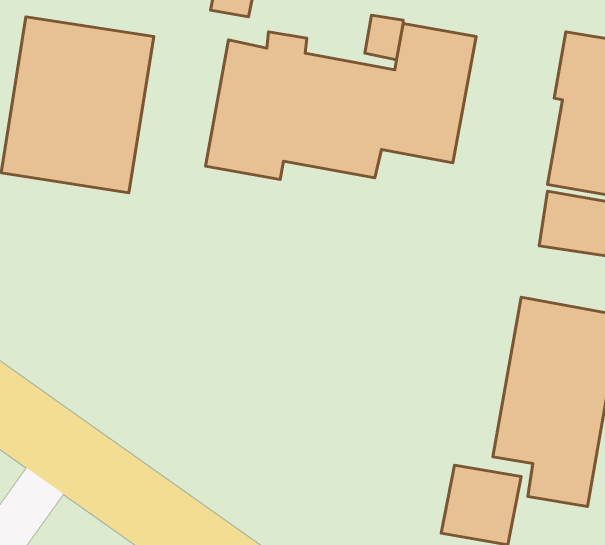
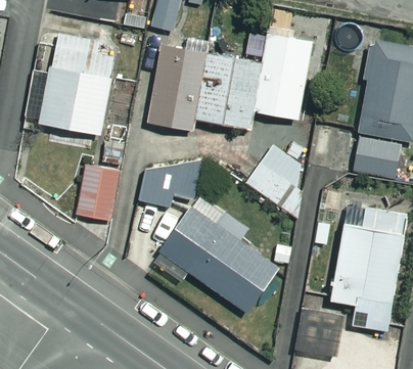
building: none -> [245,140,306,217]
building: none -> [76,165,124,222]
building: none -> [137,168,194,206]
building: none -> [160,203,280,314]

